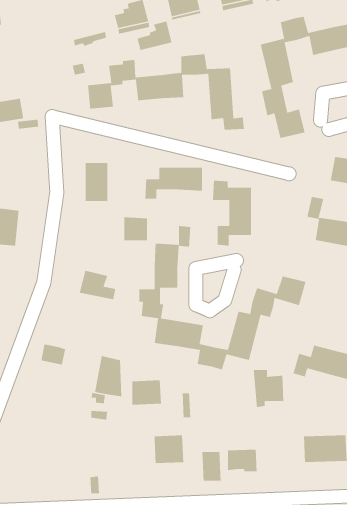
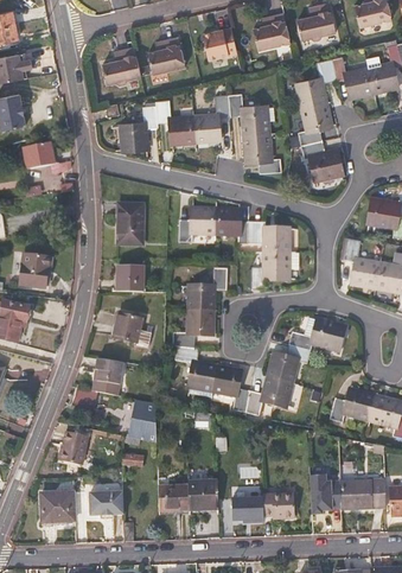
building: [136,21,173,51] -> [103,49,140,79]
building: [123,217,148,241] -> [119,267,143,292]
building: none -> [97,359,121,396]
building: [253,369,284,408] -> [310,476,342,515]
building: [131,380,162,405] -> [159,485,190,511]
building: none -> [59,432,87,466]
building: none -> [40,491,75,522]
building: none -> [89,491,123,516]

